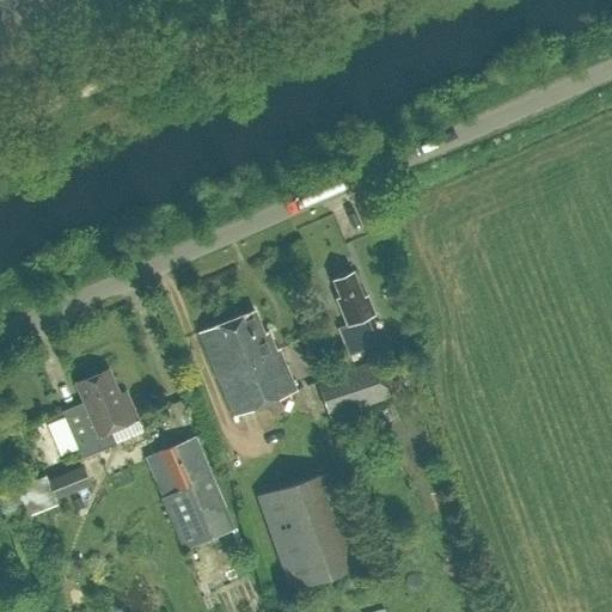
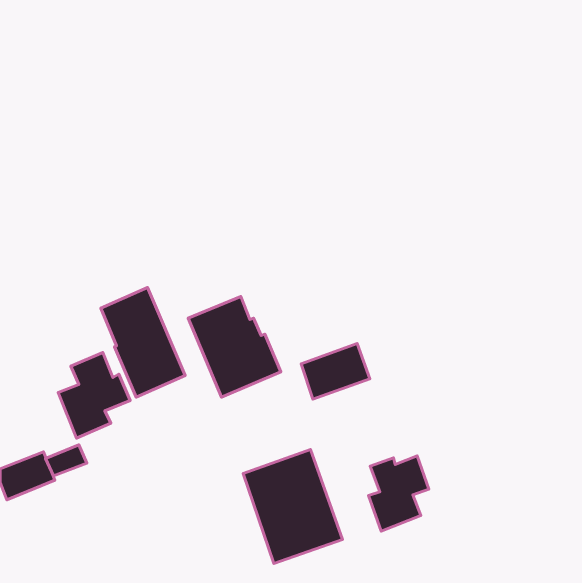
building: [333,273,380,360] -> none
building: [147,435,235,550] -> [101,287,185,397]
building: none -> [369,456,429,531]

